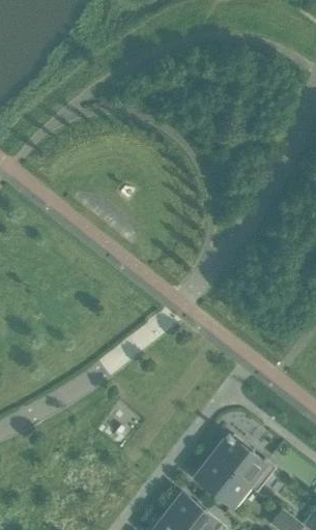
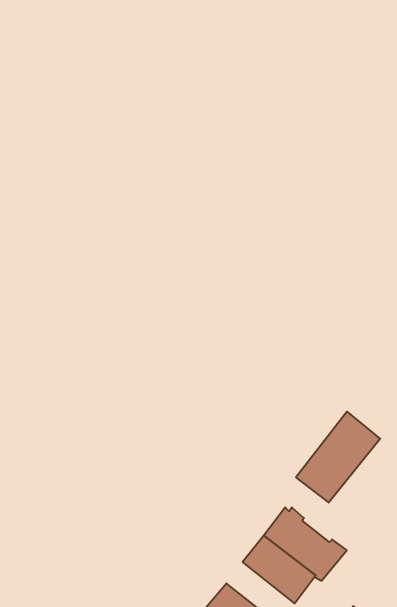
building: none -> [296,412,380,503]

